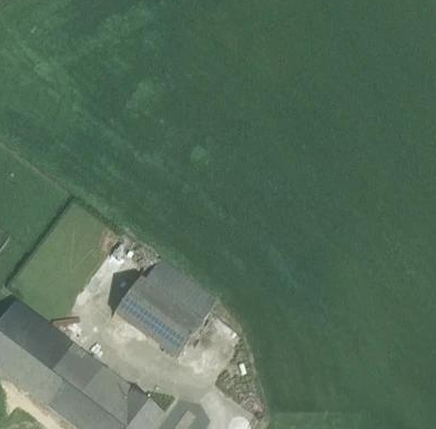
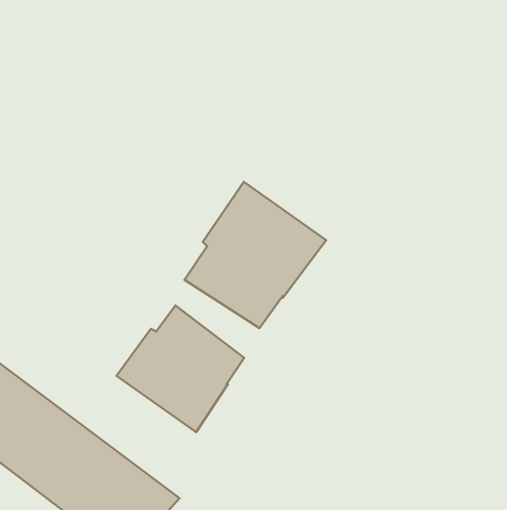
building: none -> [184,182,326,328]

